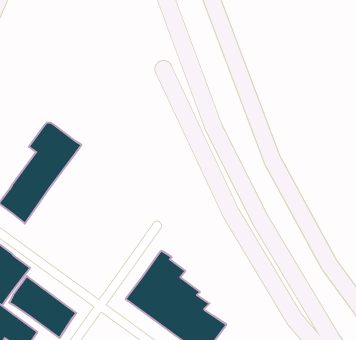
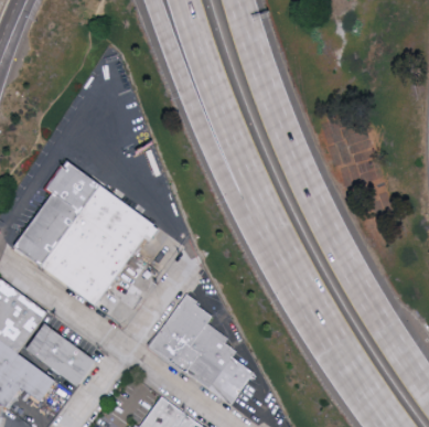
building: none -> [42,184,160,308]

